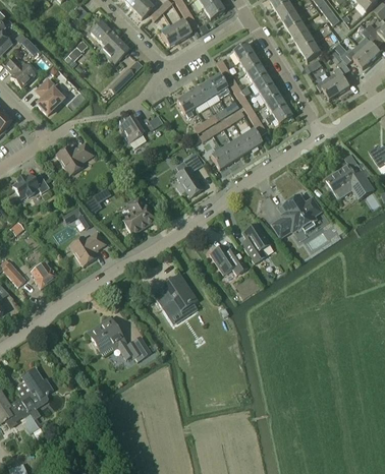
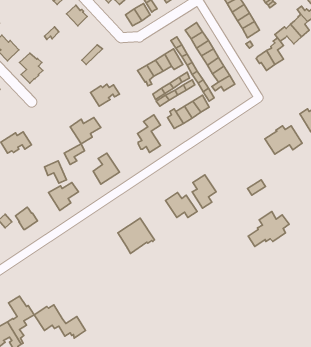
building: [101,35,129,63] -> none
building: [57,142,94,174] -> [70,117,101,144]
building: [272,194,321,236] -> [248,211,289,246]
building: [90,321,151,361] -> [34,305,85,338]

